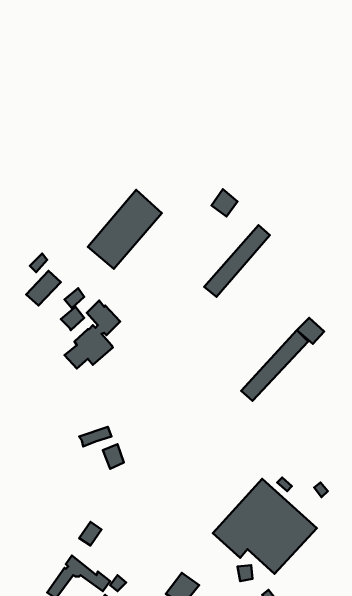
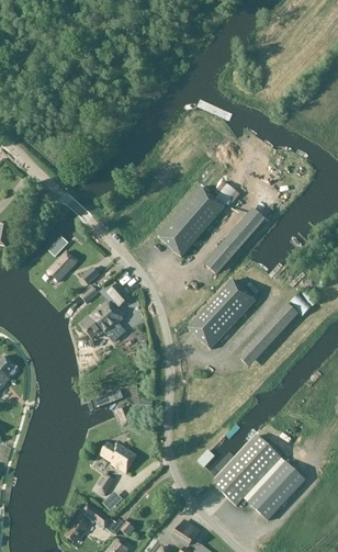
building: [88,190,162,269] -> [157,187,223,257]
building: none -> [187,280,255,349]
building: none -> [99,443,135,472]

